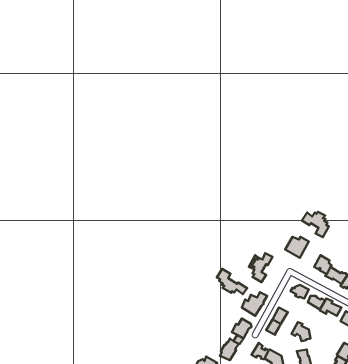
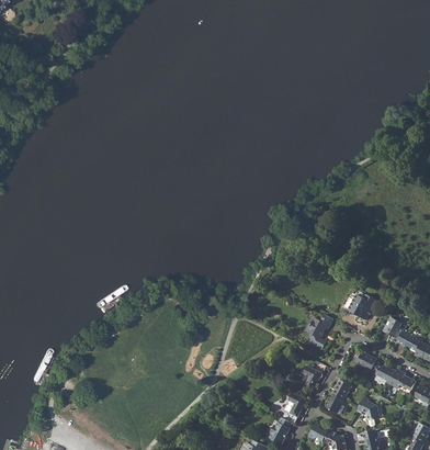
building: [302,212,329,237] -> none
building: [217,269,247,294] -> none

